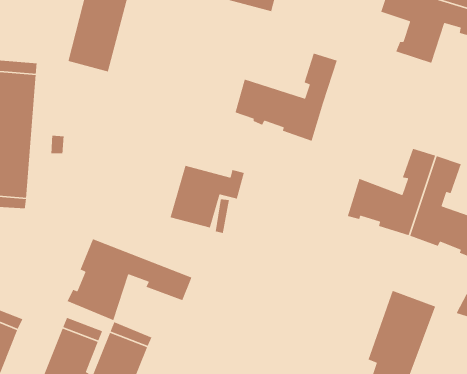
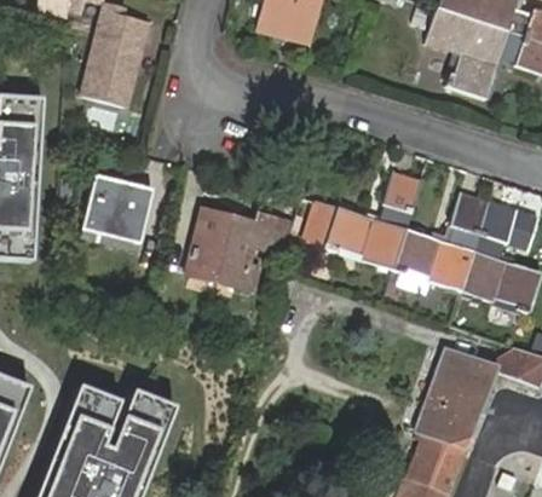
building: [235,53,338,142] -> [306,171,422,271]
building: none -> [81,174,154,244]
building: [67,238,193,321] -> none

